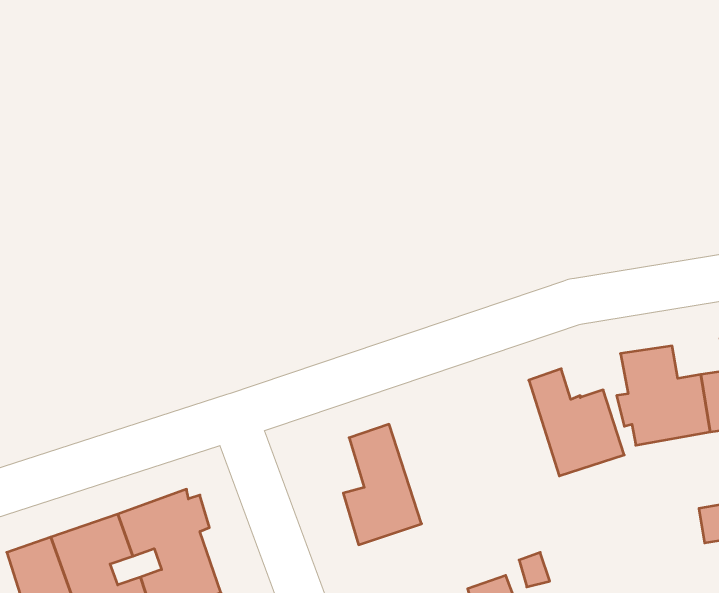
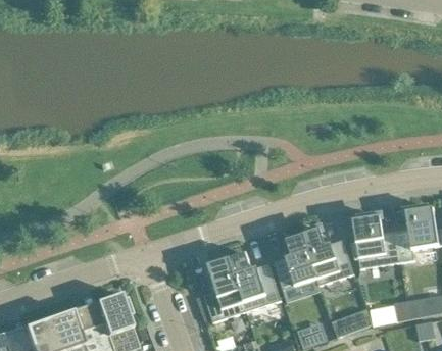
building: none -> [274,234,322,301]
building: none -> [229,252,281,310]
building: none -> [332,309,373,337]

